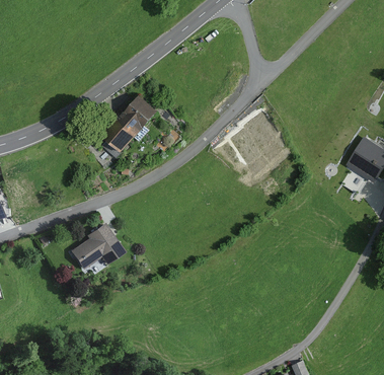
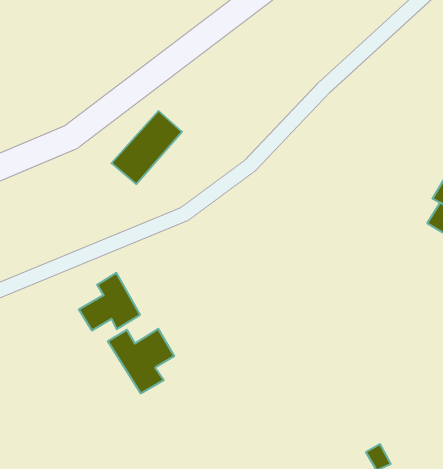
building: none -> [108,329,174,393]

